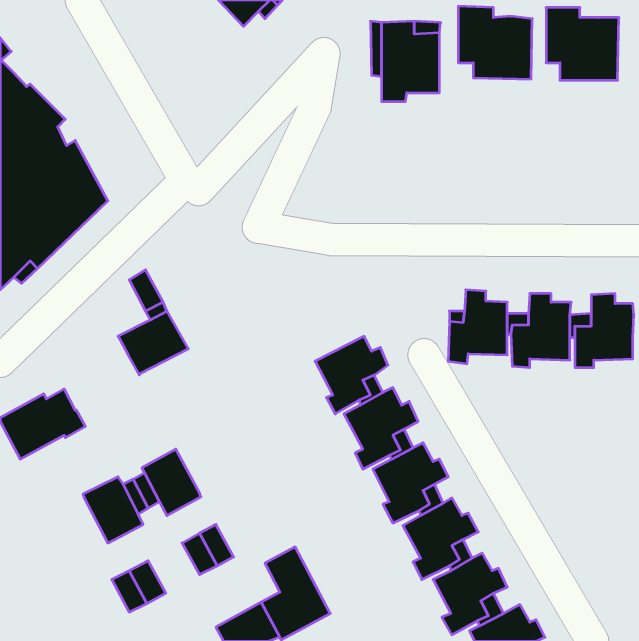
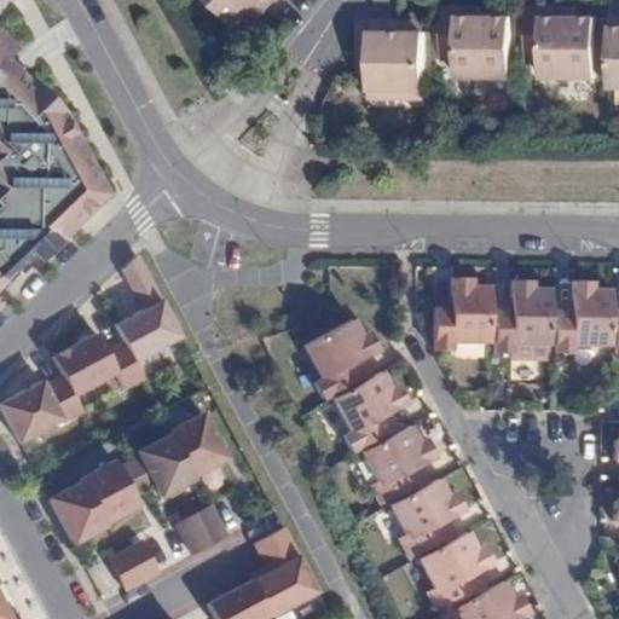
building: none -> [54,334,146,395]
building: none -> [170,412,228,475]
building: none -> [51,480,108,543]

